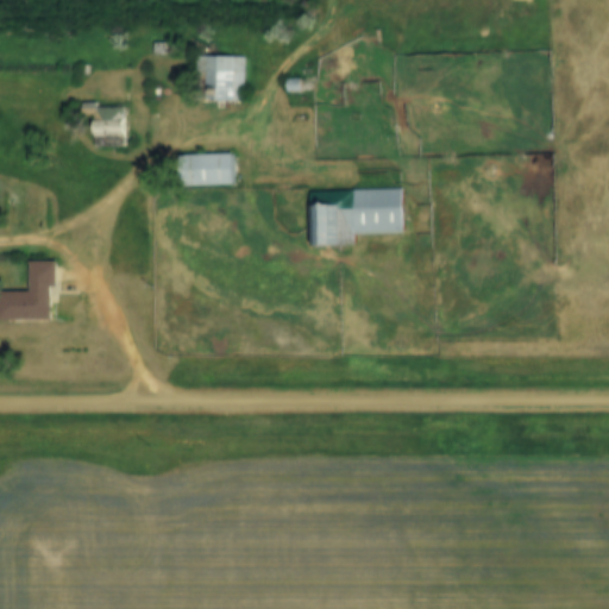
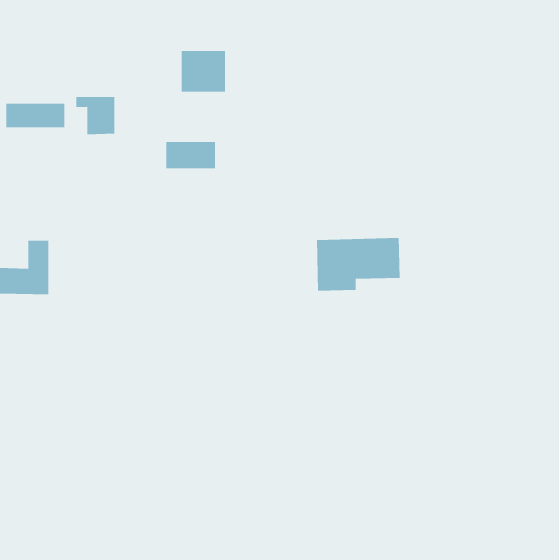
building: none -> [6,103,65,128]
building: [310,188,402,246] -> [316,237,401,291]

